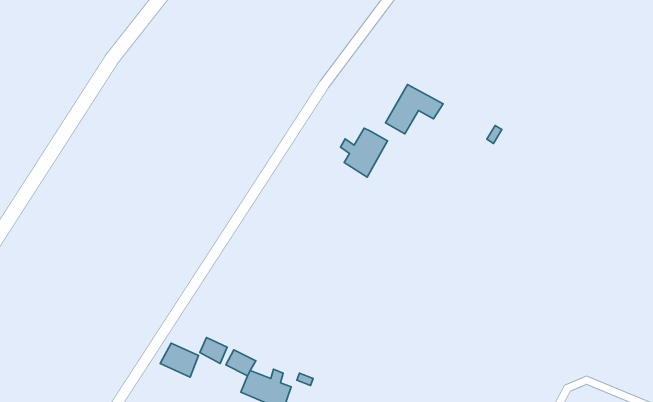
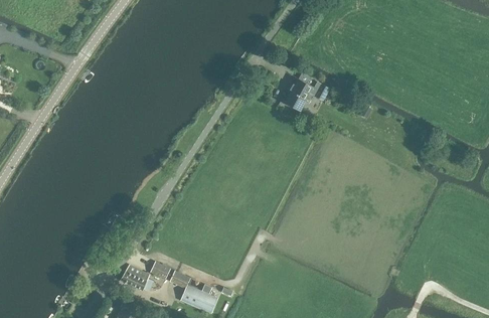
building: [341,128,388,177] -> none

